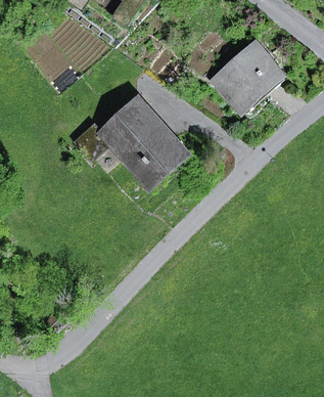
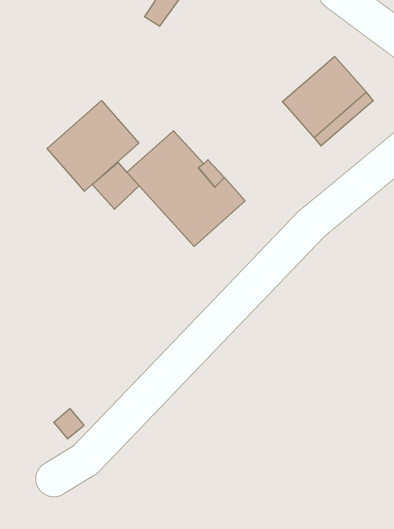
building: none -> [47,101,139,191]

